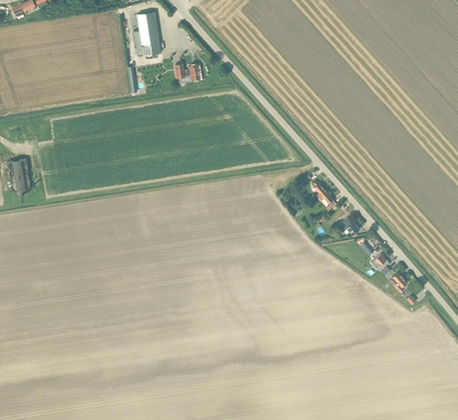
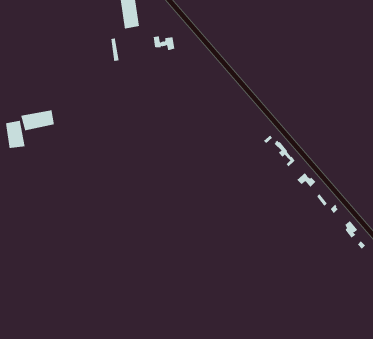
building: none -> [20,109,55,131]

